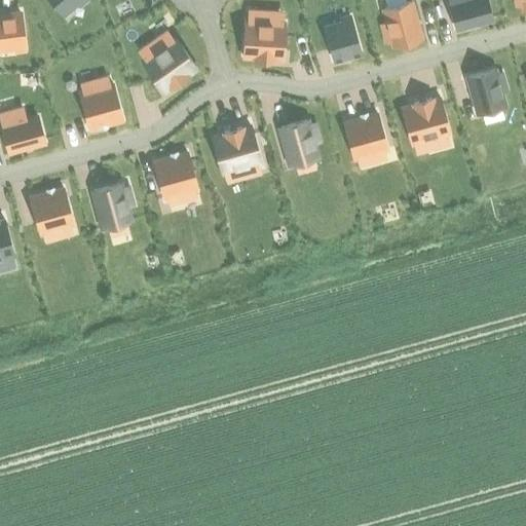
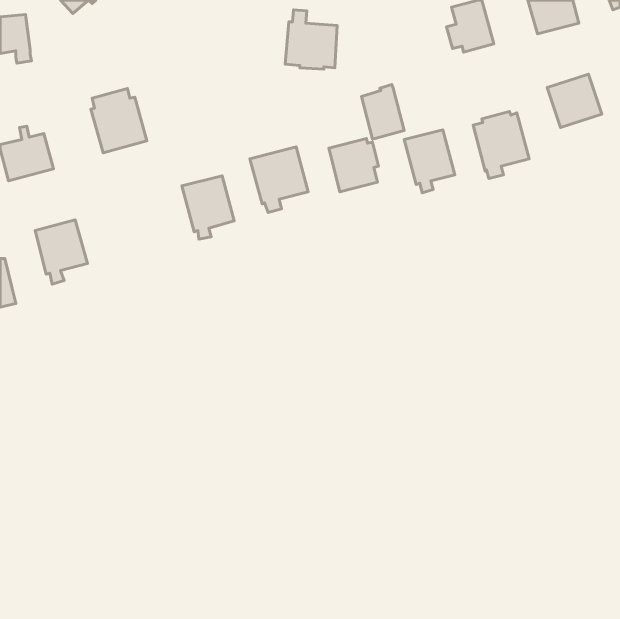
building: [323,14,359,61] -> [362,85,404,139]
building: [139,31,197,90] -> none
building: [90,181,135,228] -> none

